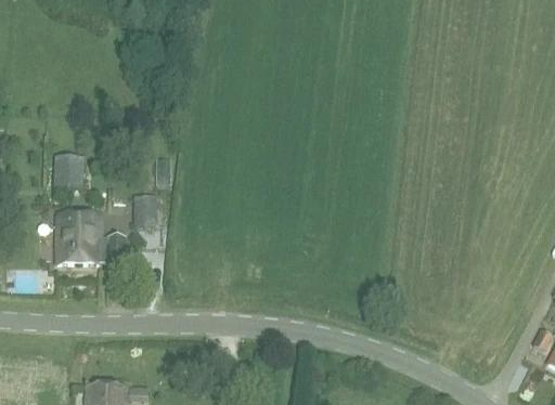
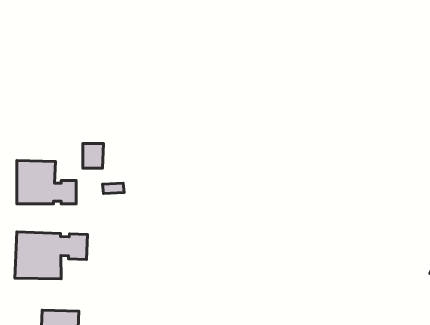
building: [52,158,83,185] -> none
building: none -> [15,232,87,279]

